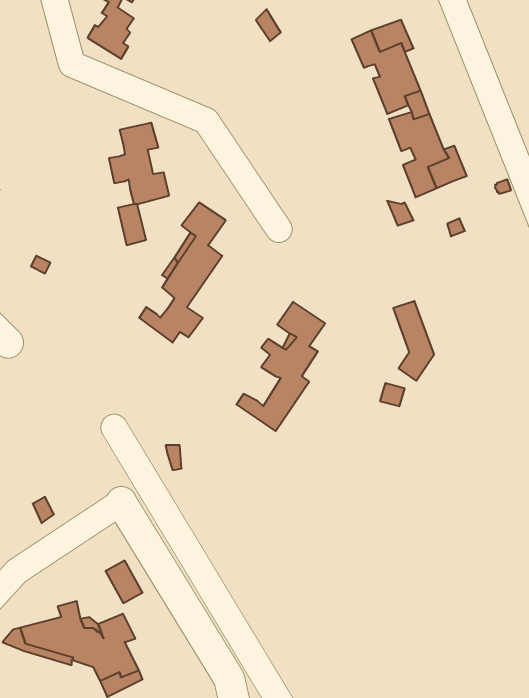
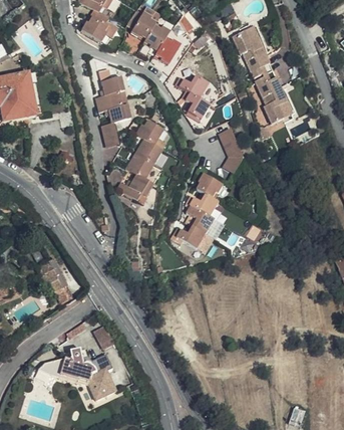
building: none -> [133,13,181,65]
building: none -> [176,78,207,123]
building: [393,301,434,381] -> [217,134,240,179]

